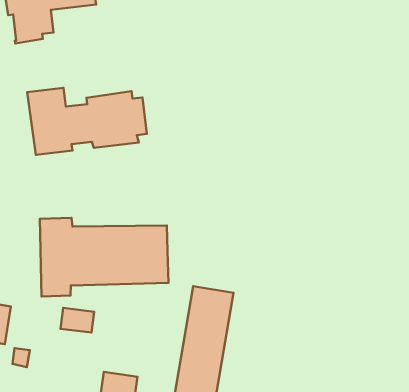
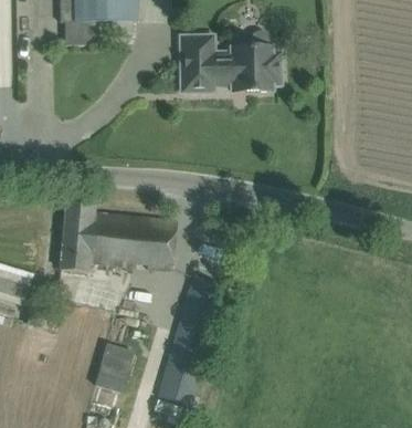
building: [27,88,147,155] -> [180,35,279,91]

